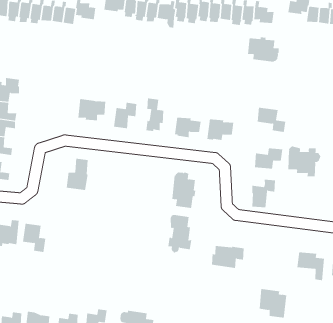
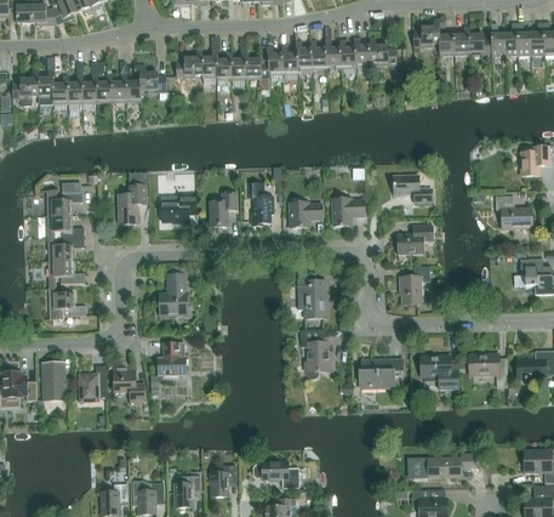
building: [247,37,279,63] -> none
building: none -> [119,186,147,225]
building: [288,146,321,177] -> none
building: none -> [158,342,187,375]
building: [259,289,287,318] -> [423,356,459,390]

